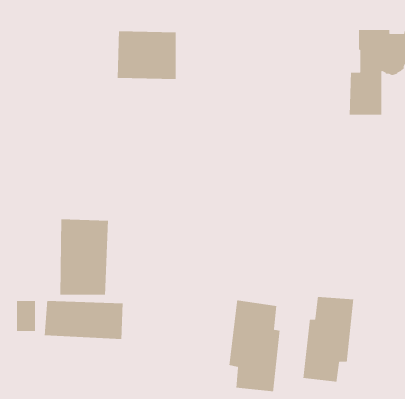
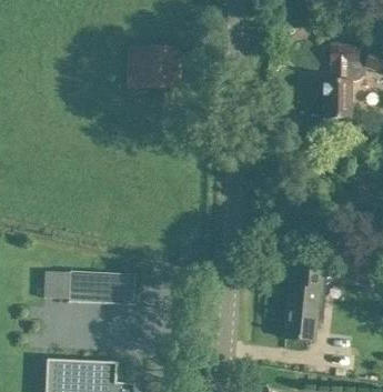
building: [59,219,109,296] -> none
building: [229,300,281,392] -> none

